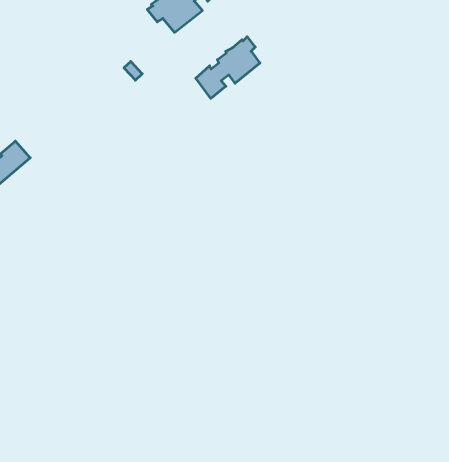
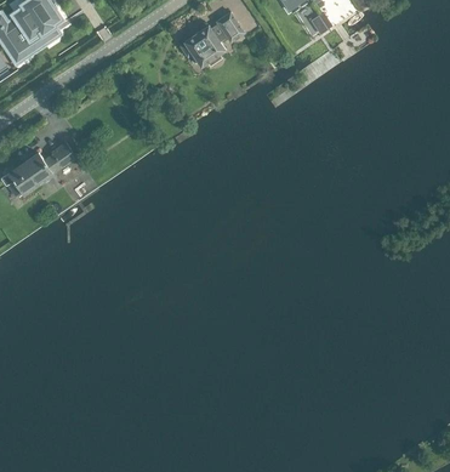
building: [196,37,260,98] -> none

